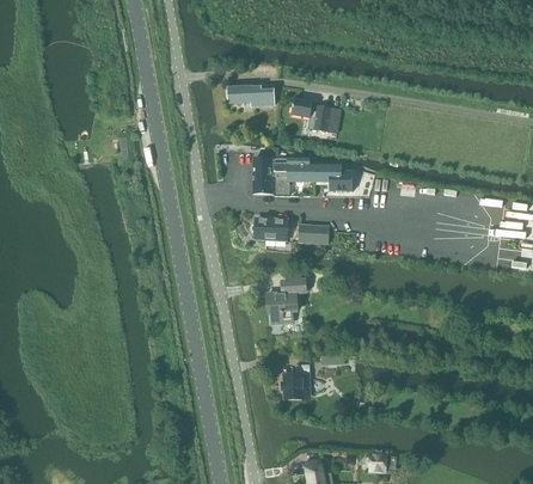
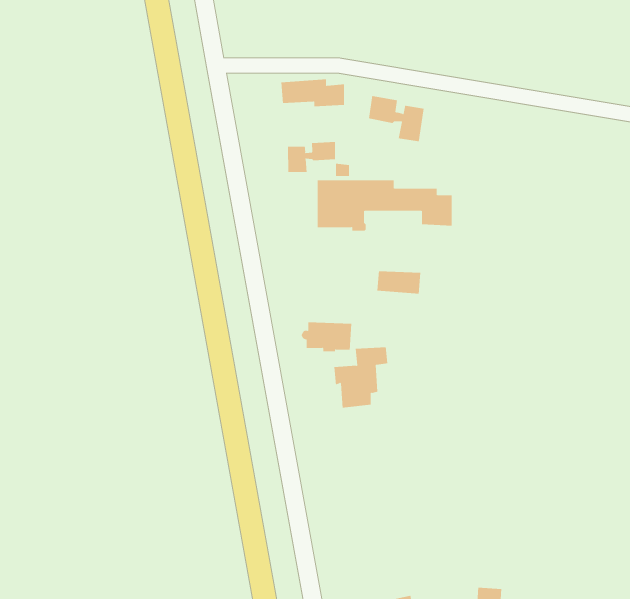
building: none -> [288,141,335,173]
building: [251,218,288,239] -> [301,322,352,352]
building: [282,363,311,398] -> none

